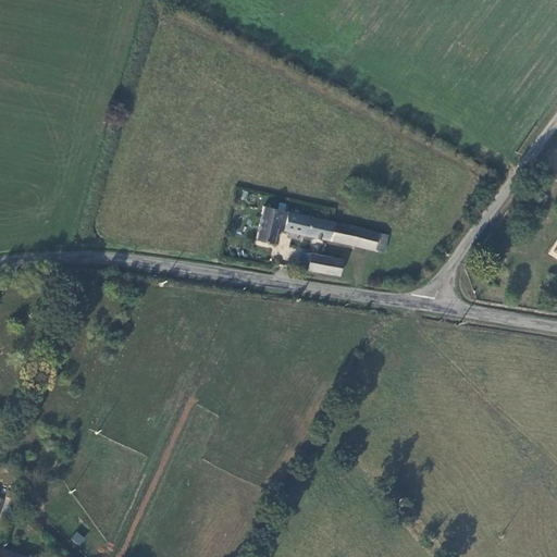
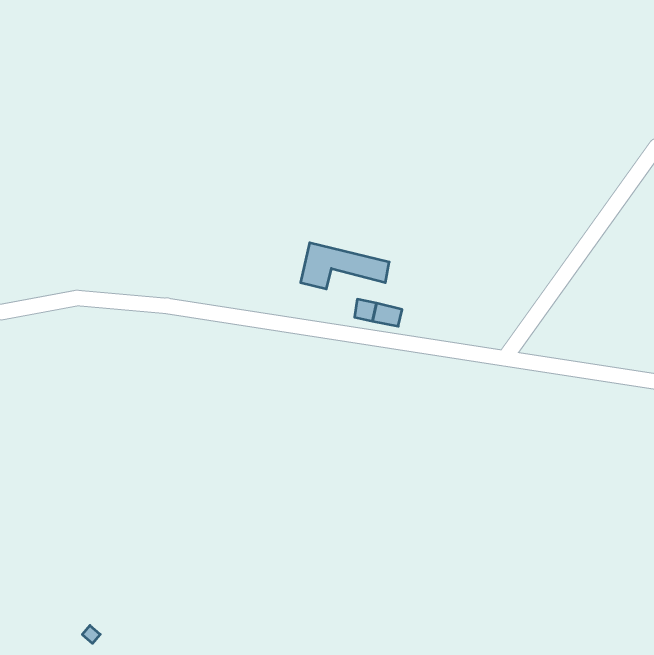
building: [329,222,388,252] -> none

